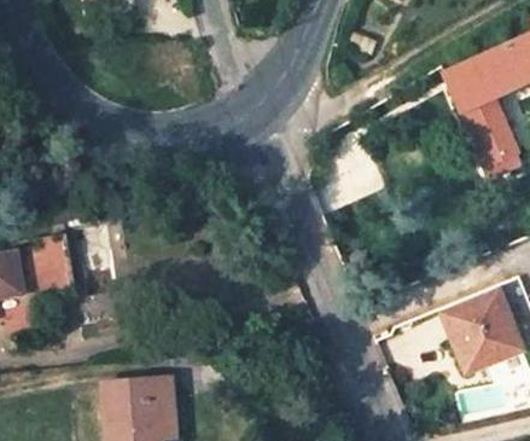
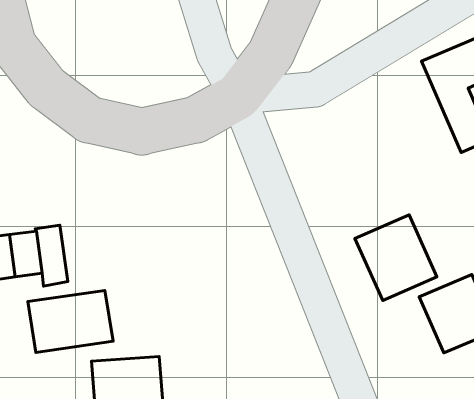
building: none -> [355,215,437,300]
building: none -> [28,291,113,352]

